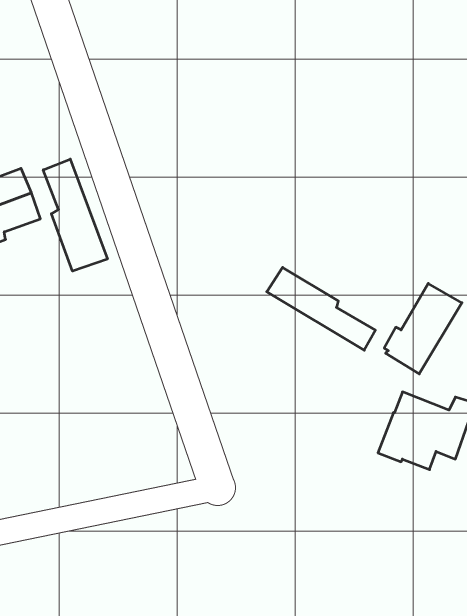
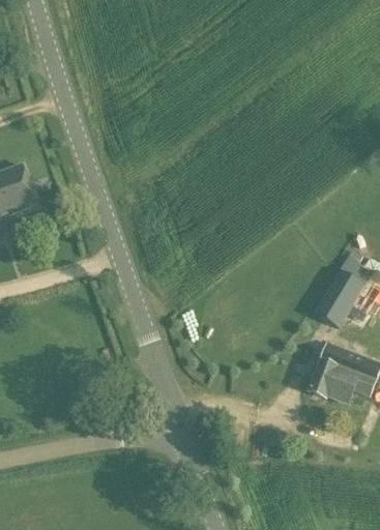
building: [43,159,107,271] -> none
building: [267,267,375,350] -> none

